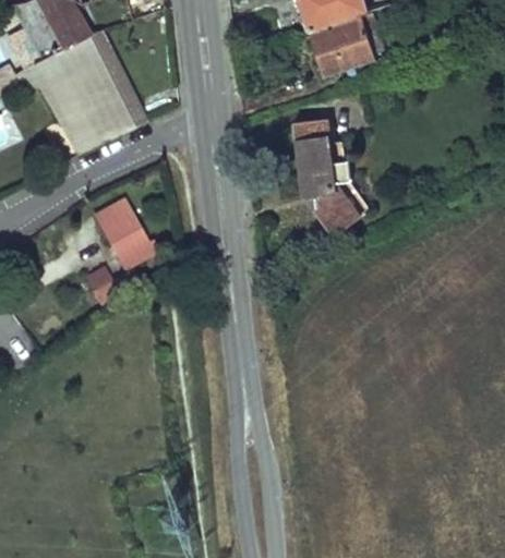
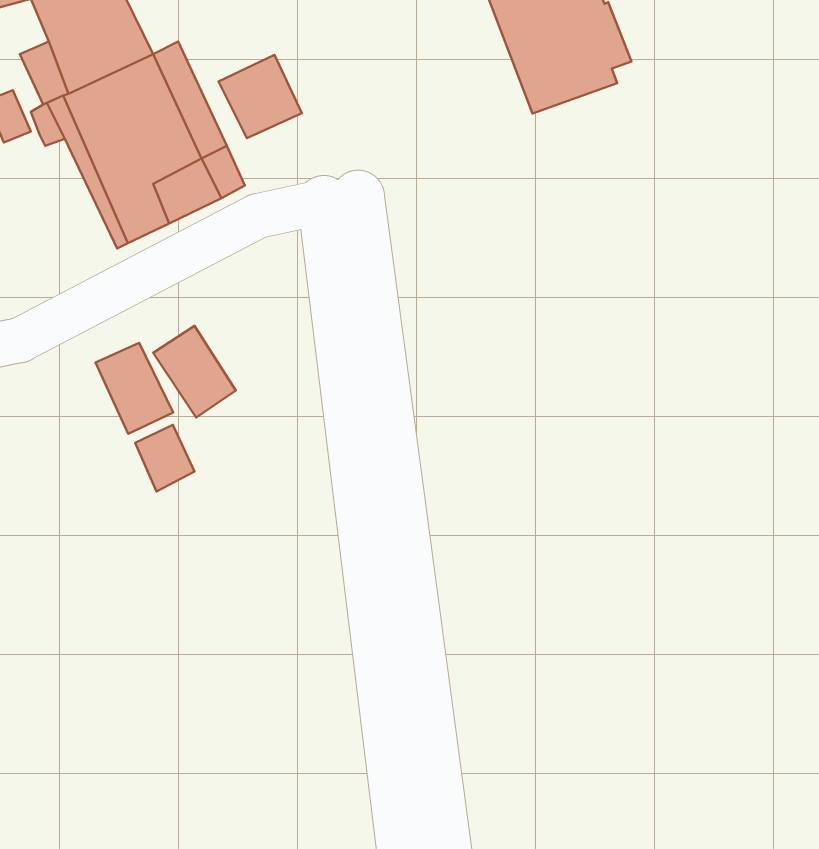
building: none -> [218,55,302,138]
building: [294,121,347,222] -> none
building: none -> [95,343,173,434]

